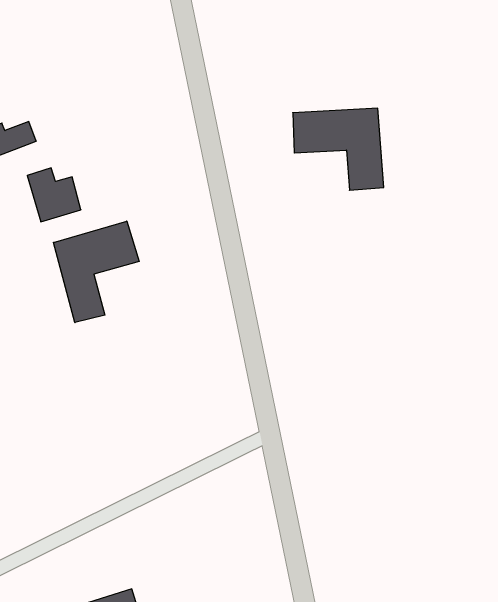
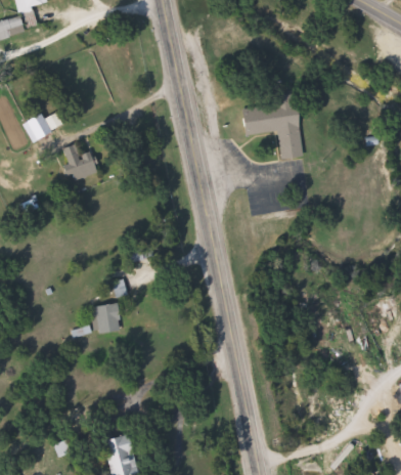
building: [53,221,139,323] -> none
building: none -> [91,305,118,332]

